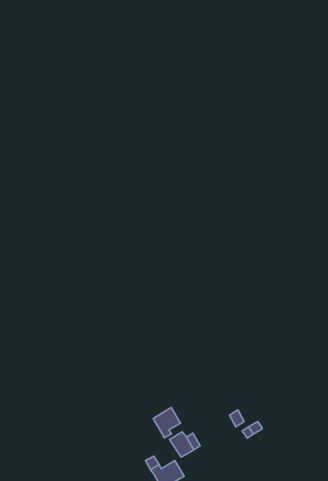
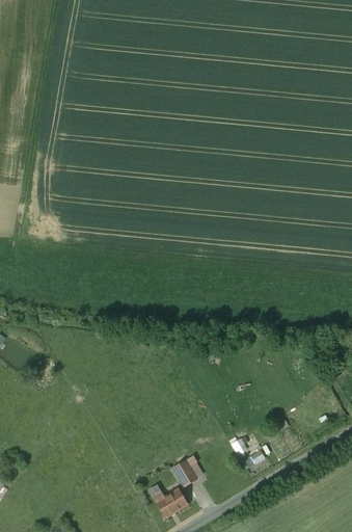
building: [153,407,180,438] -> none

